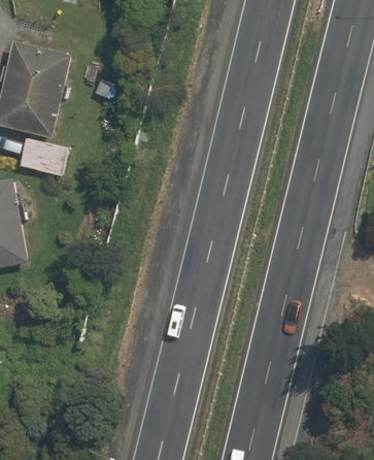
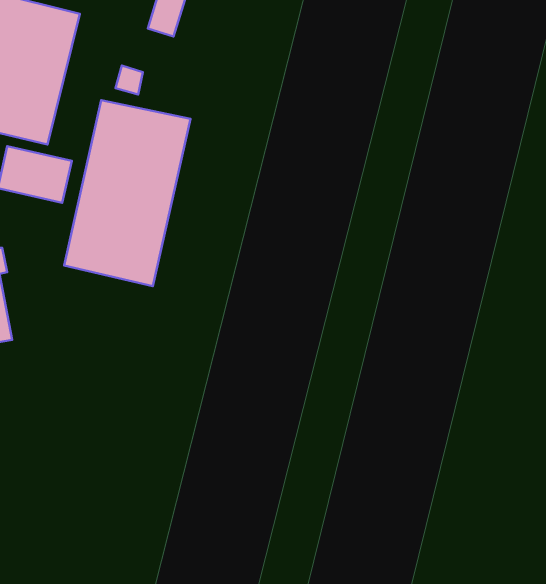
building: none -> [64,100,190,286]

